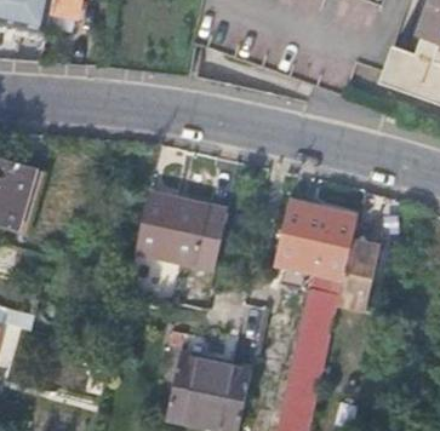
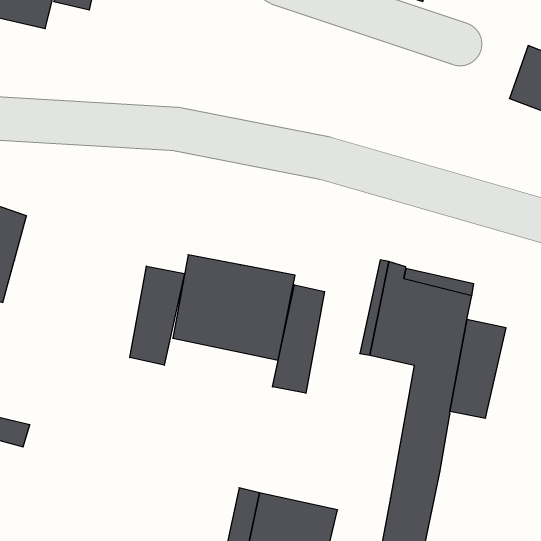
building: none -> [130,266,185,365]
building: none -> [272,285,325,393]

